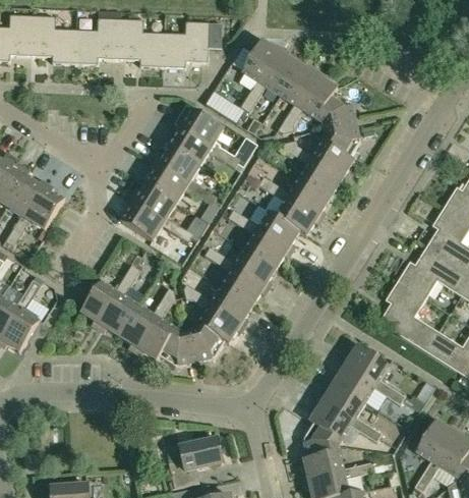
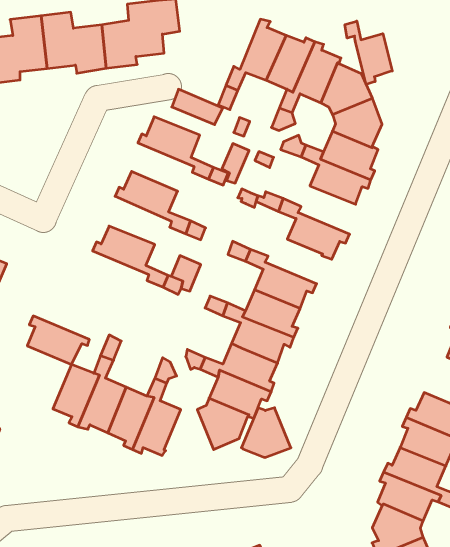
building: [242,40,283,84] -> none
building: none -> [345,21,392,84]
building: [169,125,216,166] -> none
building: [145,162,192,203] -> none
building: [287,178,331,219] -> none
building: [122,200,169,240] -> [27,316,89,365]
building: [256,210,300,252] -> none
building: [159,328,195,366] -> [241,408,291,457]

